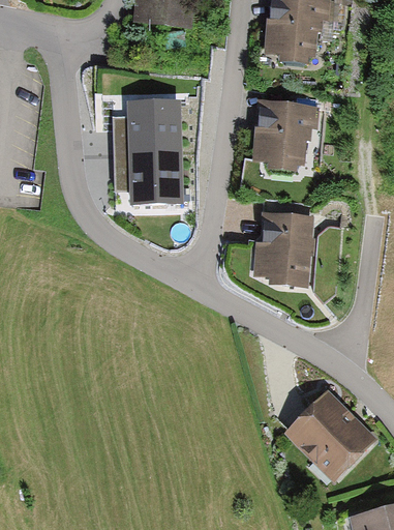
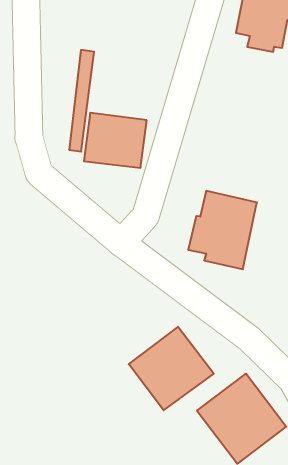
building: [132,101,191,151] -> none
building: [254,102,320,172] -> none
building: none -> [129,327,214,410]

